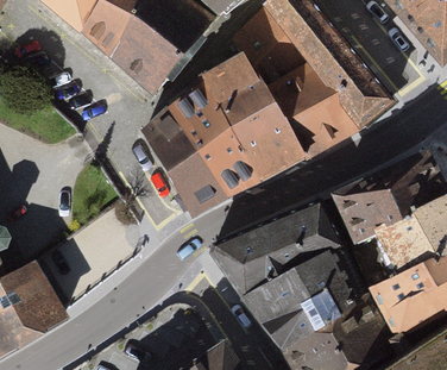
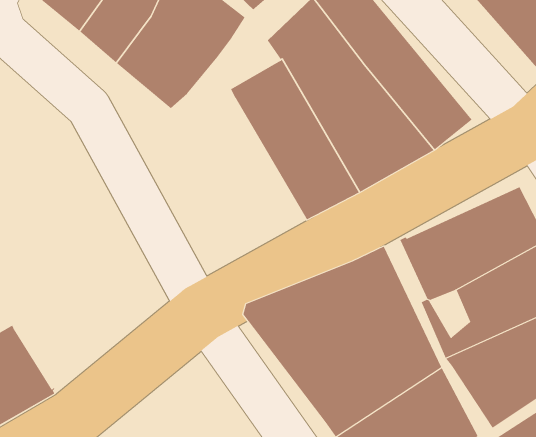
building: [141,84,259,214] -> none

